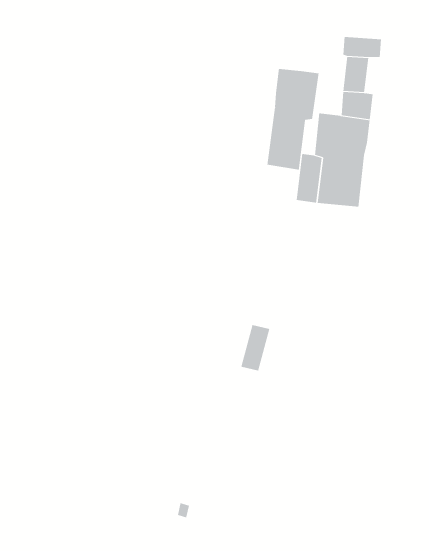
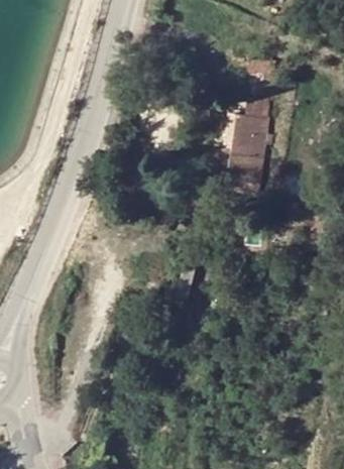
building: [267,68,319,170] -> none

